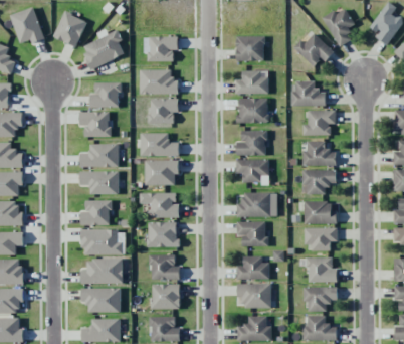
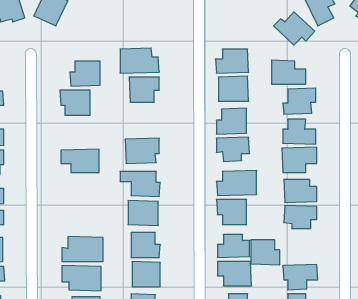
building: [81,30,125,69] -> none
building: [236,36,264,61] -> none
building: [145,37,178,61] -> none
building: [140,133,179,156] -> none
building: [80,144,119,167] -> none
building: [81,200,111,225] -> none
building: [81,228,123,255] -> none
building: [308,257,337,283] -> [251,240,280,265]

